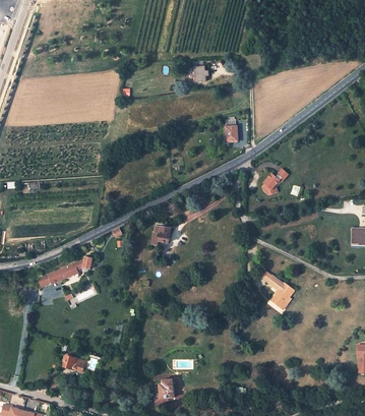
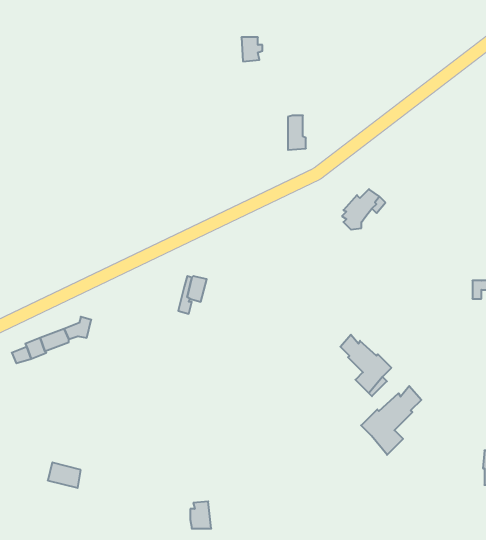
building: none -> [361,386,421,455]

